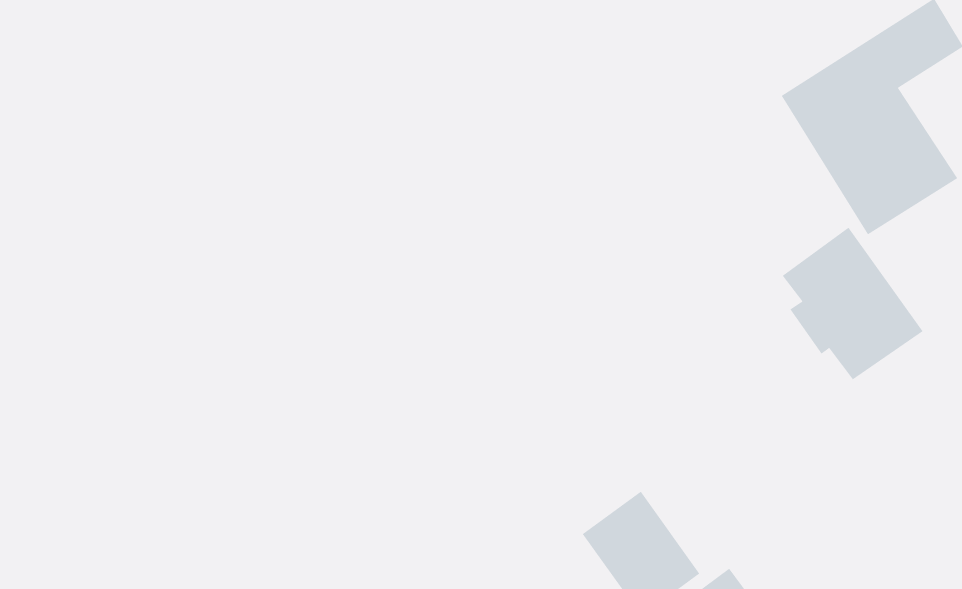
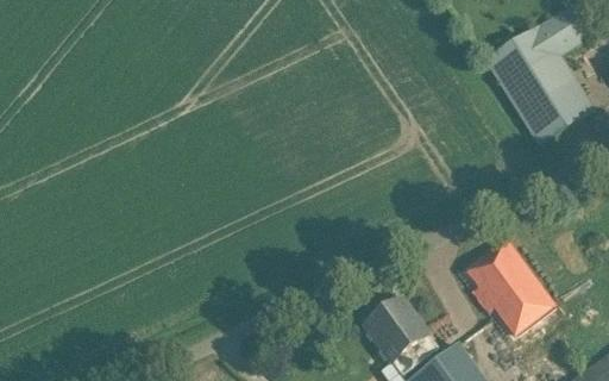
building: [782,227,923,380] -> [466,241,552,333]

